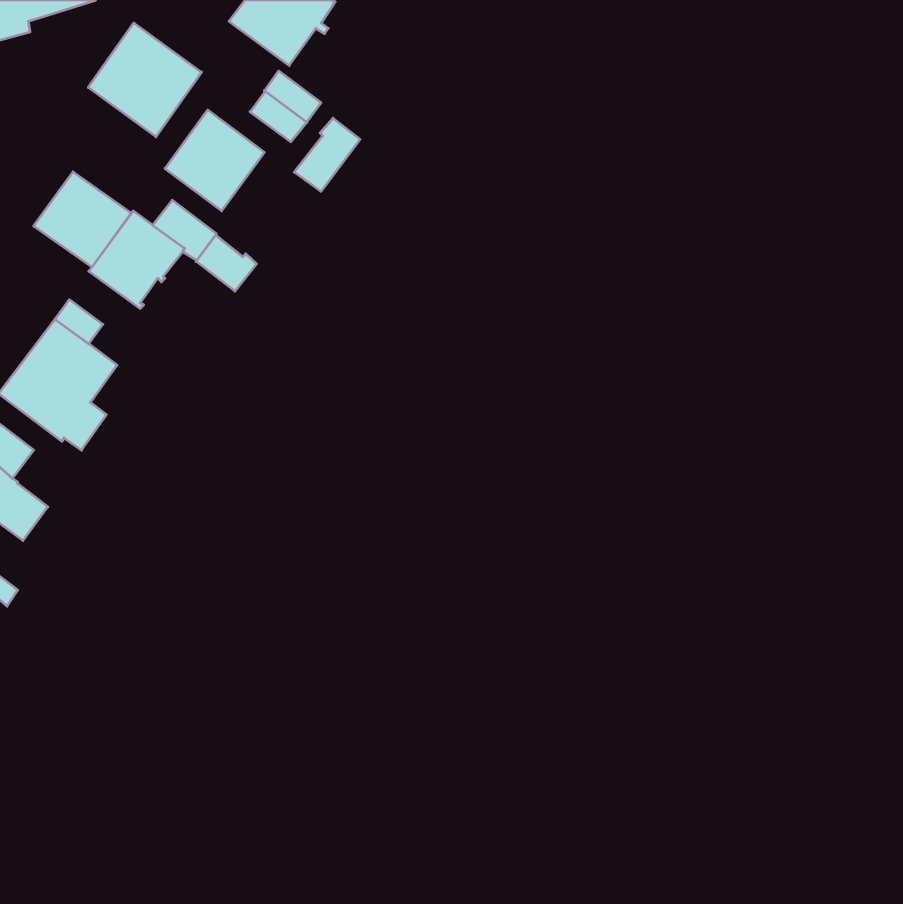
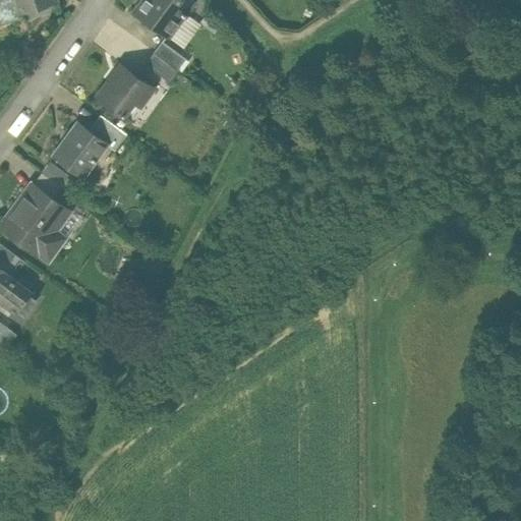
building: [88,23,202,137] -> none
building: [294,118,360,191] -> none
building: [34,172,131,267] -> none
building: [196,235,256,291] -> none

